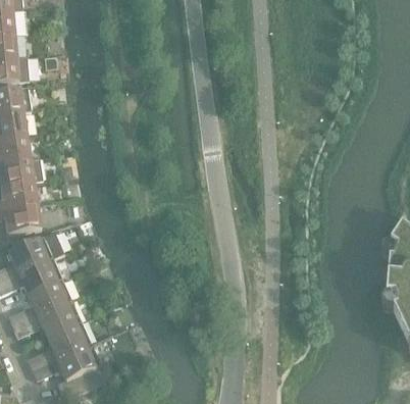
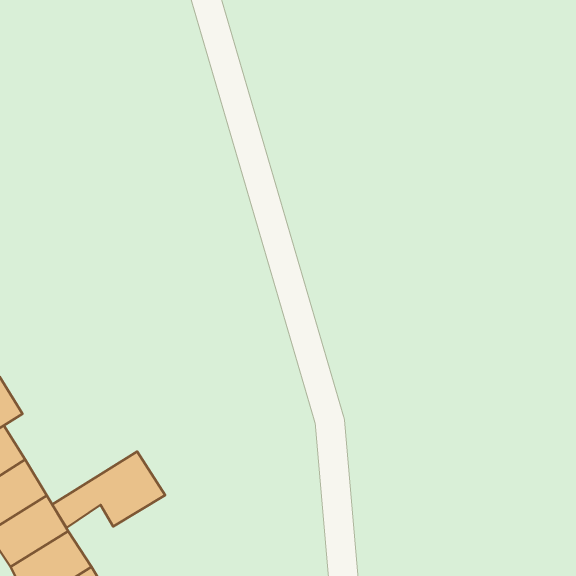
building: none -> [52,452,165,528]

